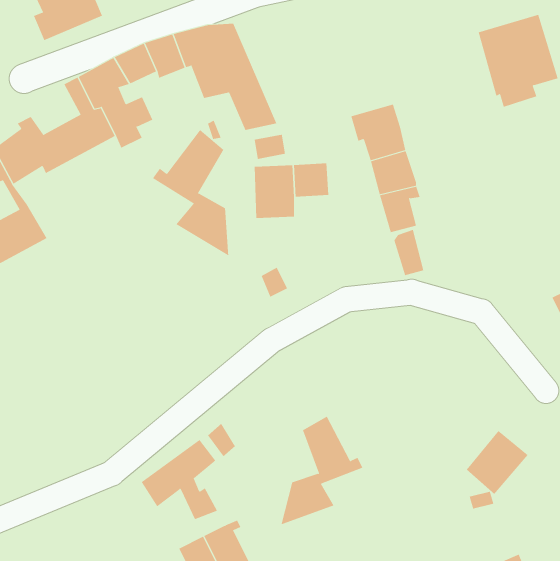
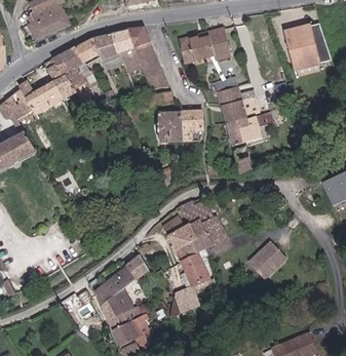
building: none -> [179,28,231,64]
building: [152,129,229,256] -> none
building: none -> [244,115,271,144]
building: none -> [162,214,232,261]
building: [466,430,529,495] -> [249,240,285,277]
building: none -> [100,294,139,328]

